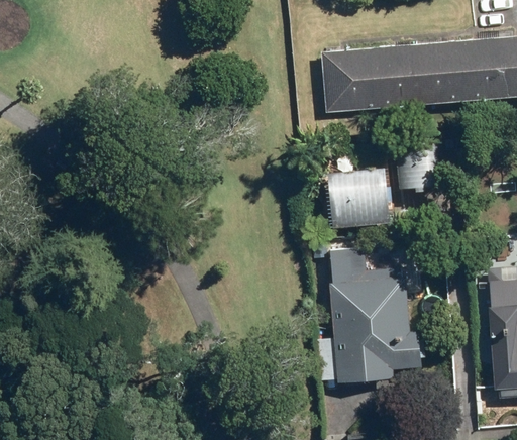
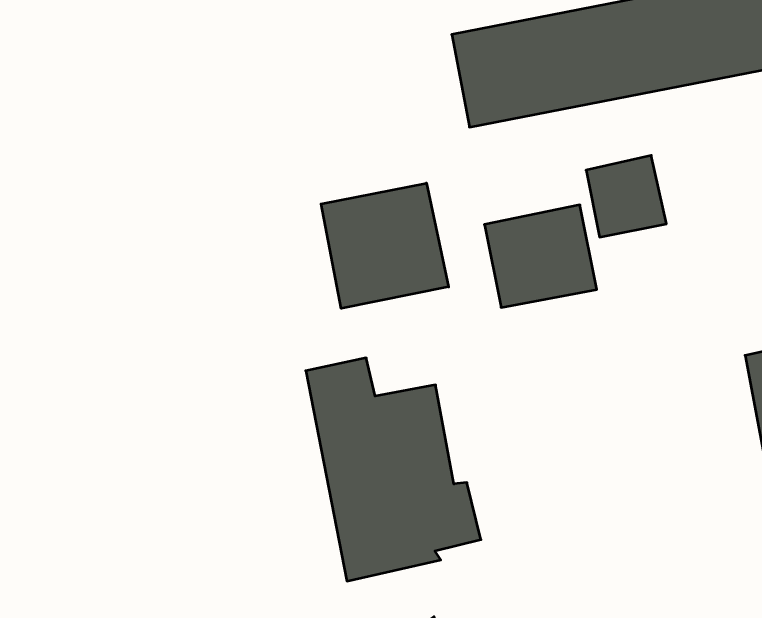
building: none -> [321,183,449,308]
building: [327,245,425,382] -> [306,358,481,581]

